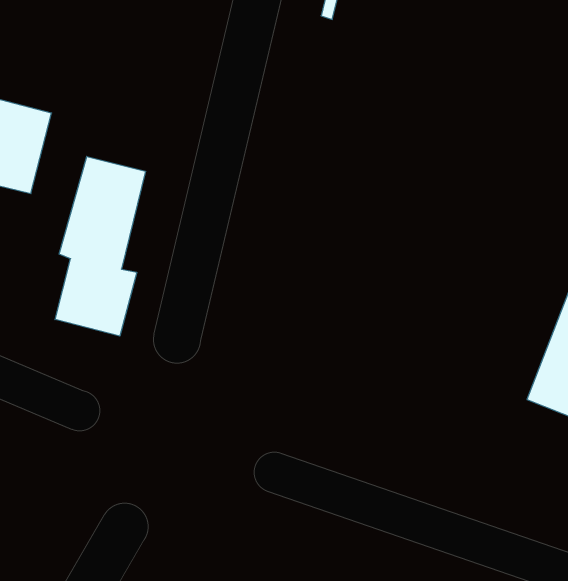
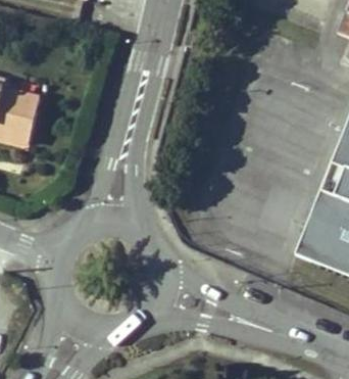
building: [55,156,145,336] -> none

